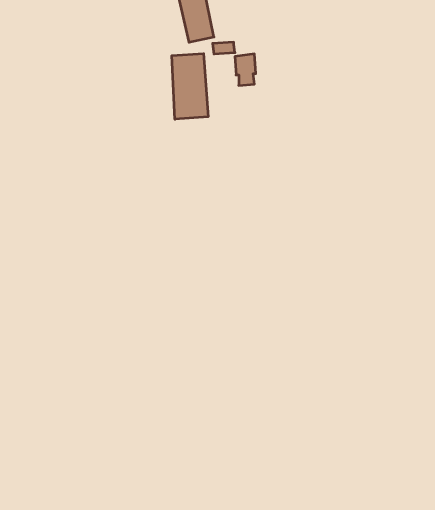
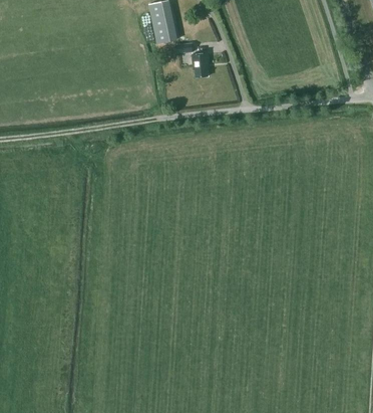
building: [172,54,208,119] -> none

